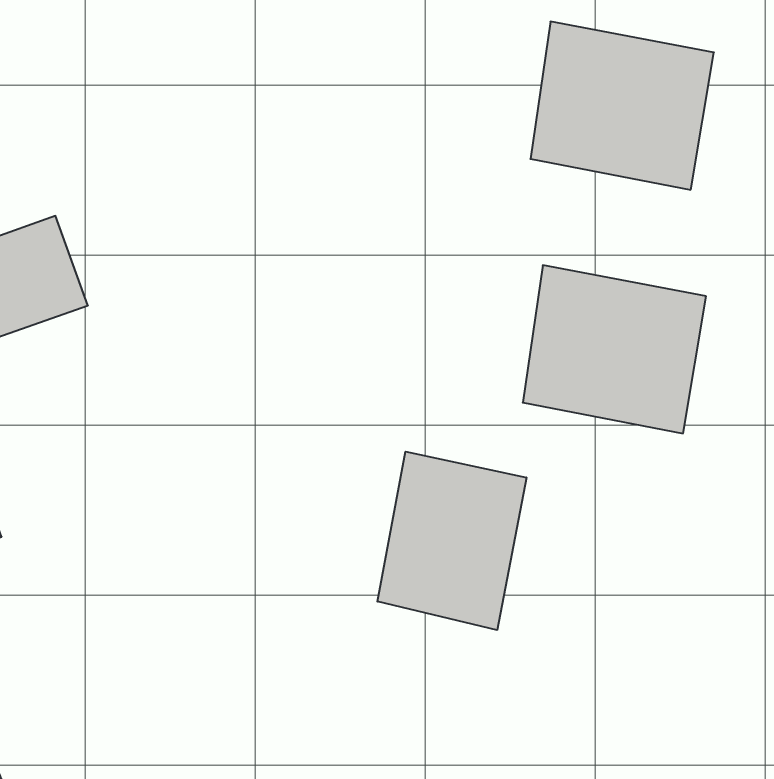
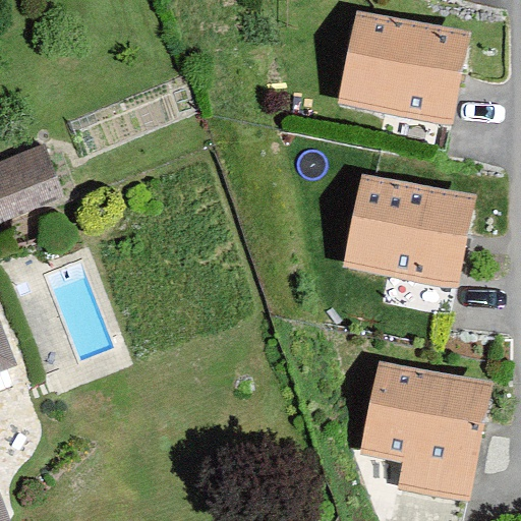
building: [377,452,526,630] -> none
building: none -> [364,360,484,471]

